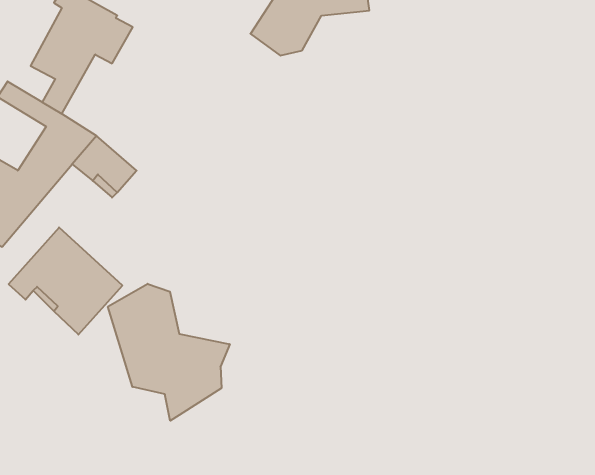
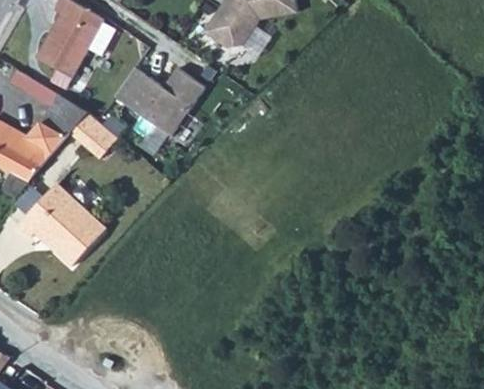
building: none -> [114,65,204,156]
building: [108,284,230,421] -> none

